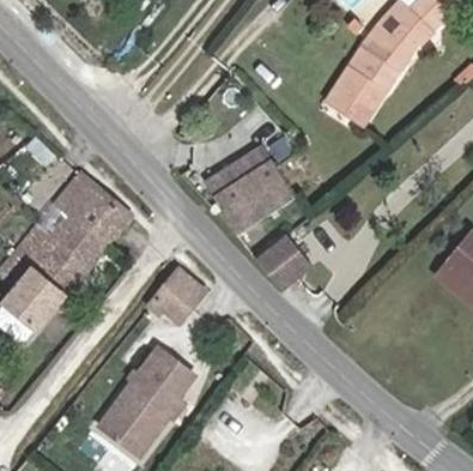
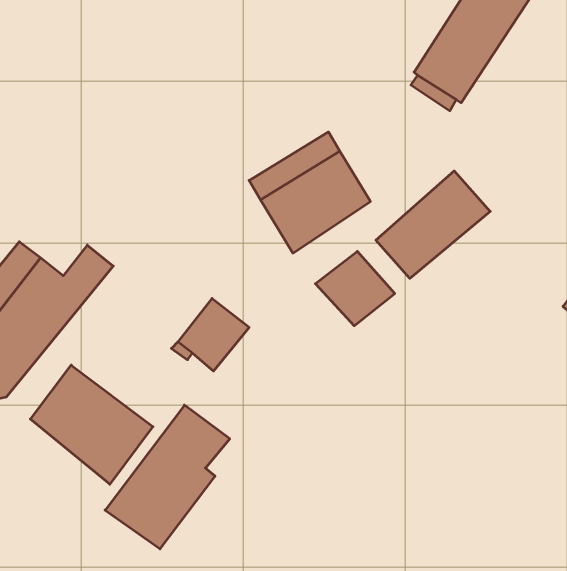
building: [51,173,129,250] -> none
building: none -> [376,171,490,278]
building: none -> [30,365,153,484]

